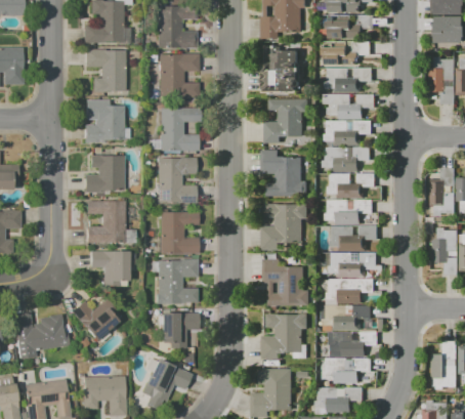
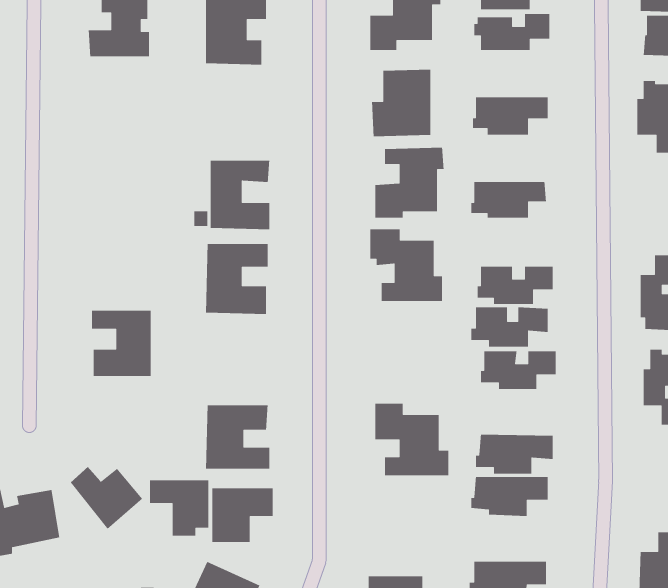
building: [324,41,371,65] -> none
building: [86,48,125,91] -> none
building: [158,53,199,96] -> none
building: [324,93,376,118] -> none
building: [85,99,124,140] -> none
building: [326,145,371,170] -> none
building: [85,154,123,193] -> none
building: [262,203,310,251] -> none
building: [159,211,199,253] -> none
building: [91,251,129,287] -> [149,479,209,536]
building: [329,253,378,278] -> none
building: [262,313,309,359] -> none
building: [330,331,379,357] -> none

